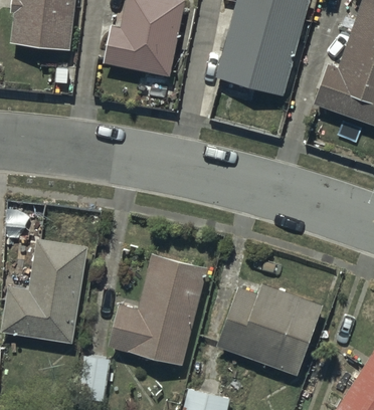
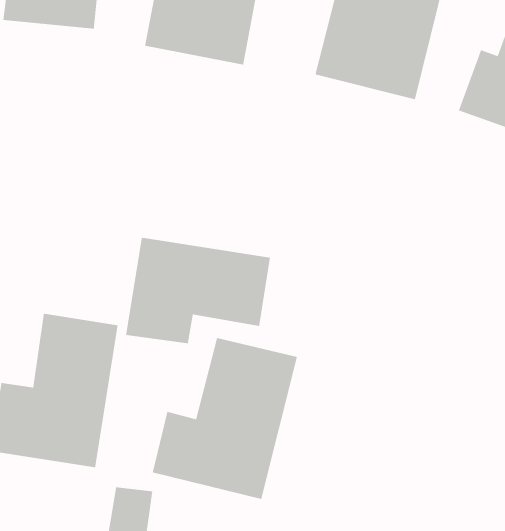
building: none -> [125,237,271,344]
building: [216,284,322,377] -> none

